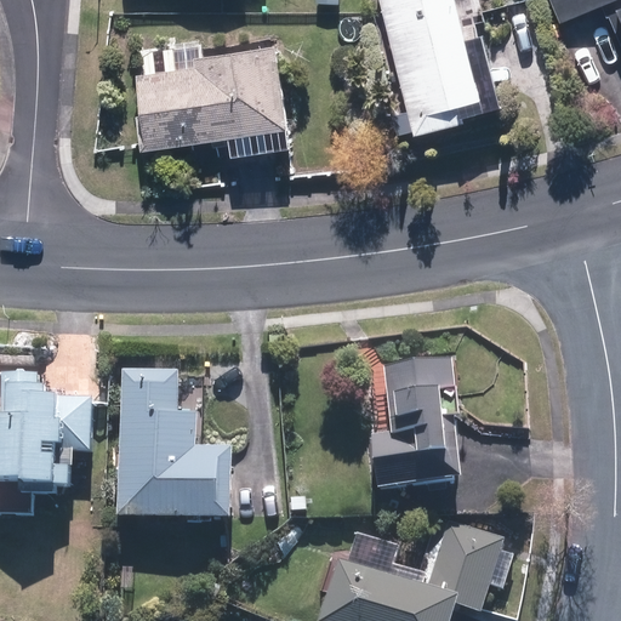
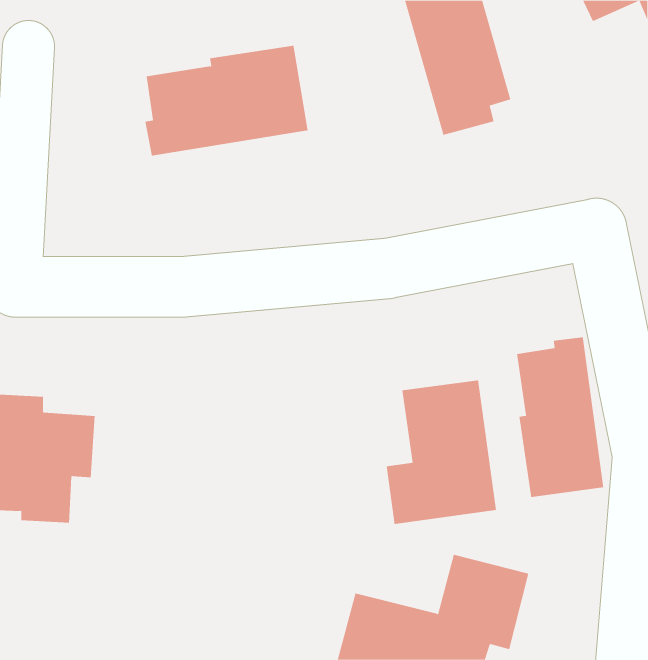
building: none -> [517,337,604,498]
building: [116,368,233,519] -> none

